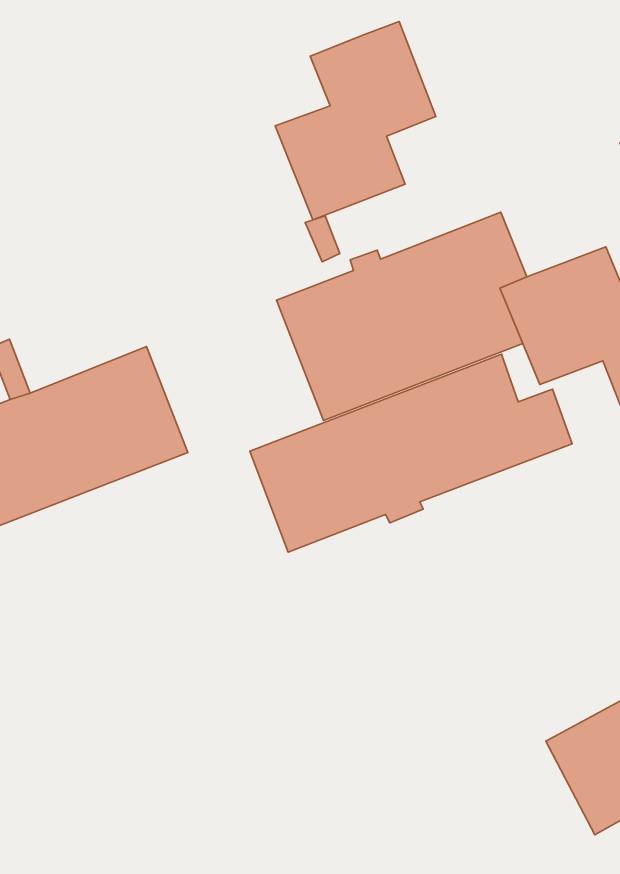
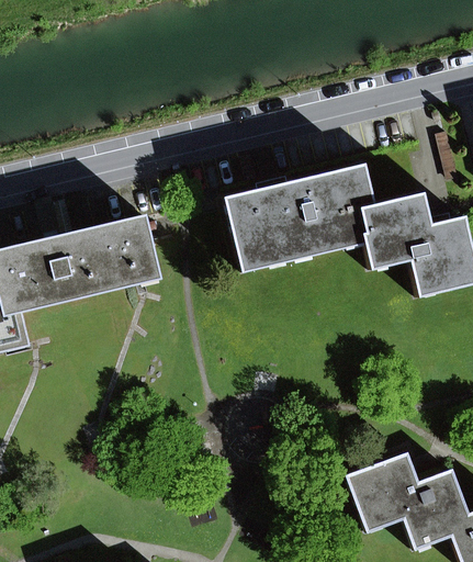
building: [275,21,436,220] -> none
building: [250,354,572,552] -> none

